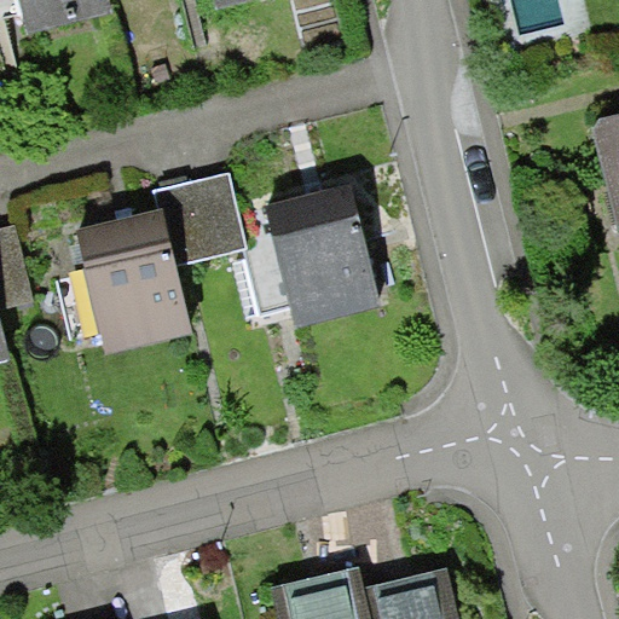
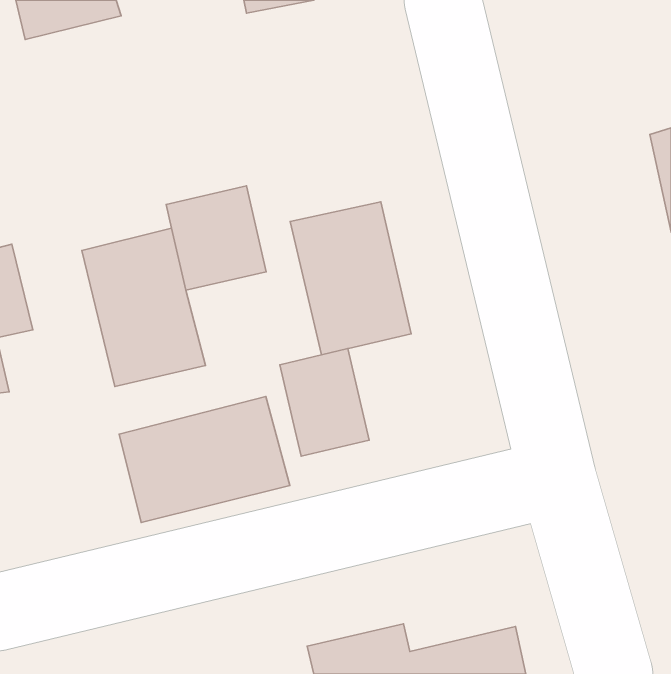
building: none -> [280,349,369,456]
building: none -> [119,397,290,522]

